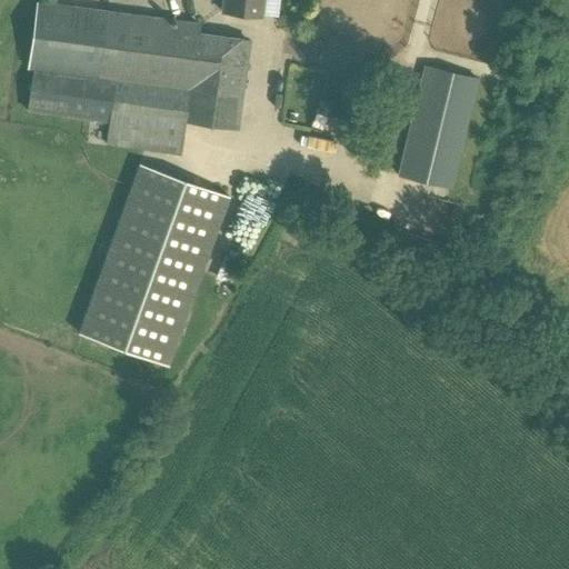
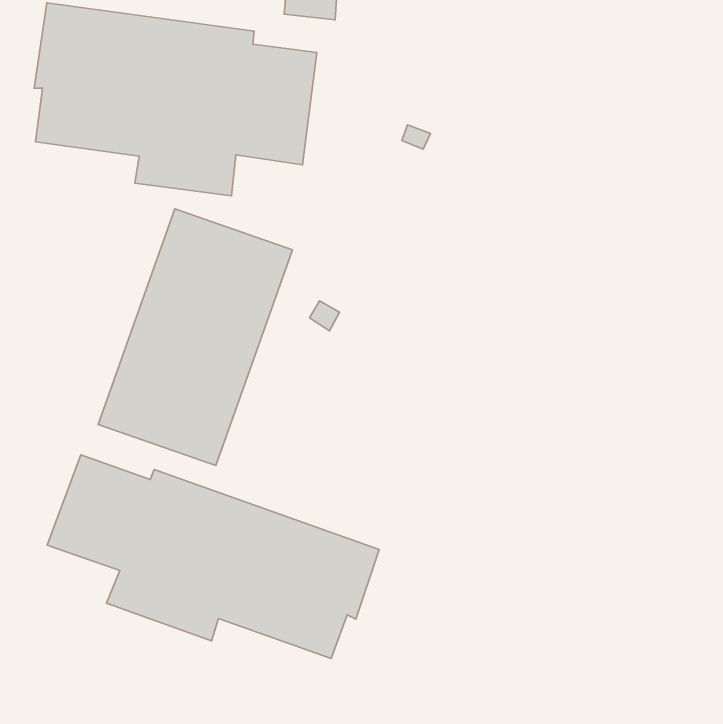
building: [401,67,479,188] -> none
building: none -> [47,455,379,659]

